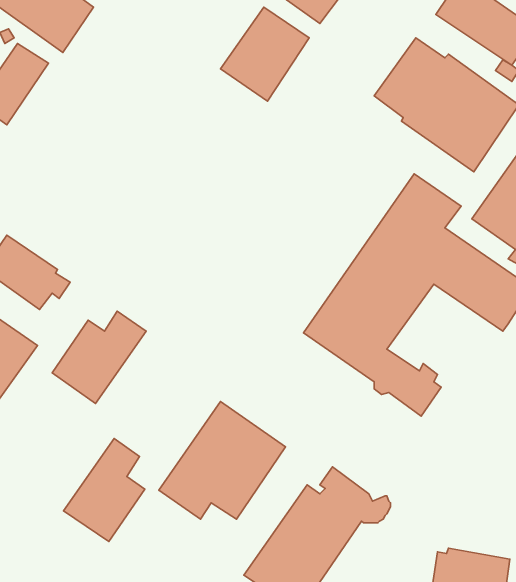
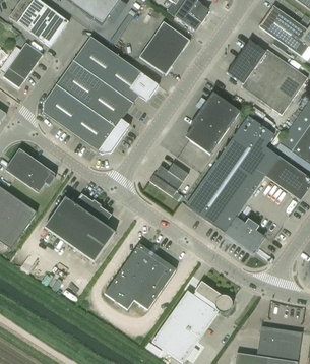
building: none -> [43,37,159,154]
building: none -> [195,95,243,156]
building: none -> [149,163,188,196]
building: [63,438,145,542] -> [69,204,115,262]

